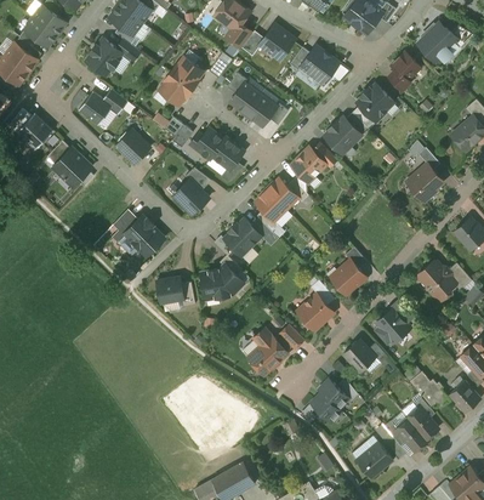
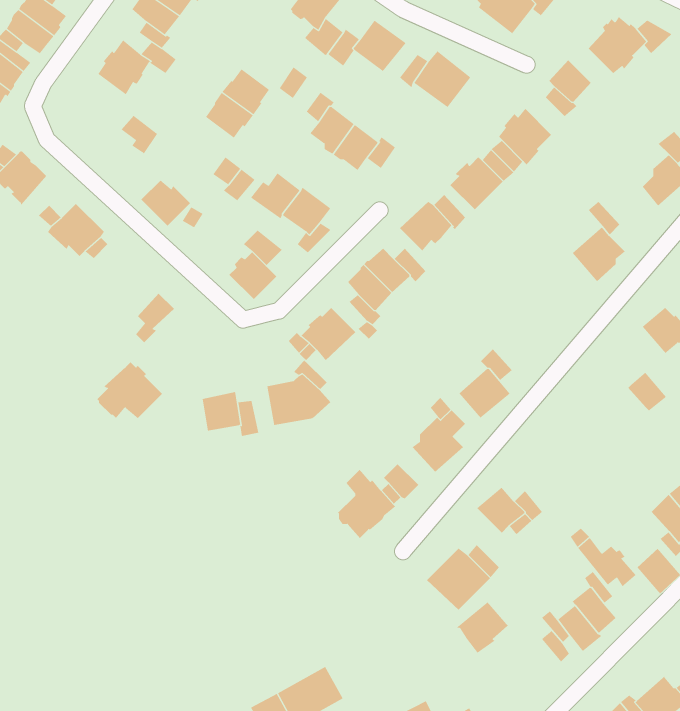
building: [78,91,112,125] -> none
building: [119,216,164,255] -> [96,361,163,419]
building: [415,261,456,302] -> none
building: [376,308,408,342] -> none
building: [357,443,393,478] -> [456,601,509,653]

